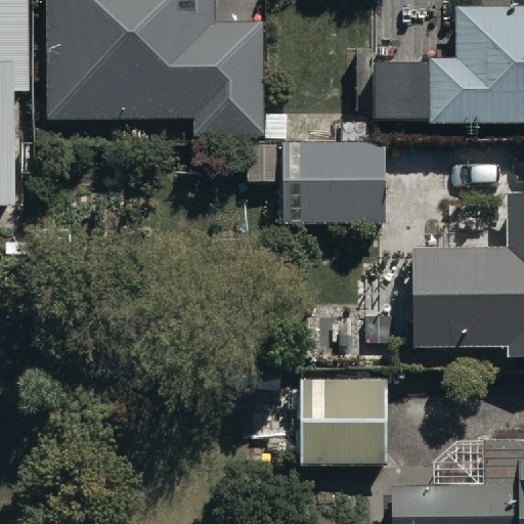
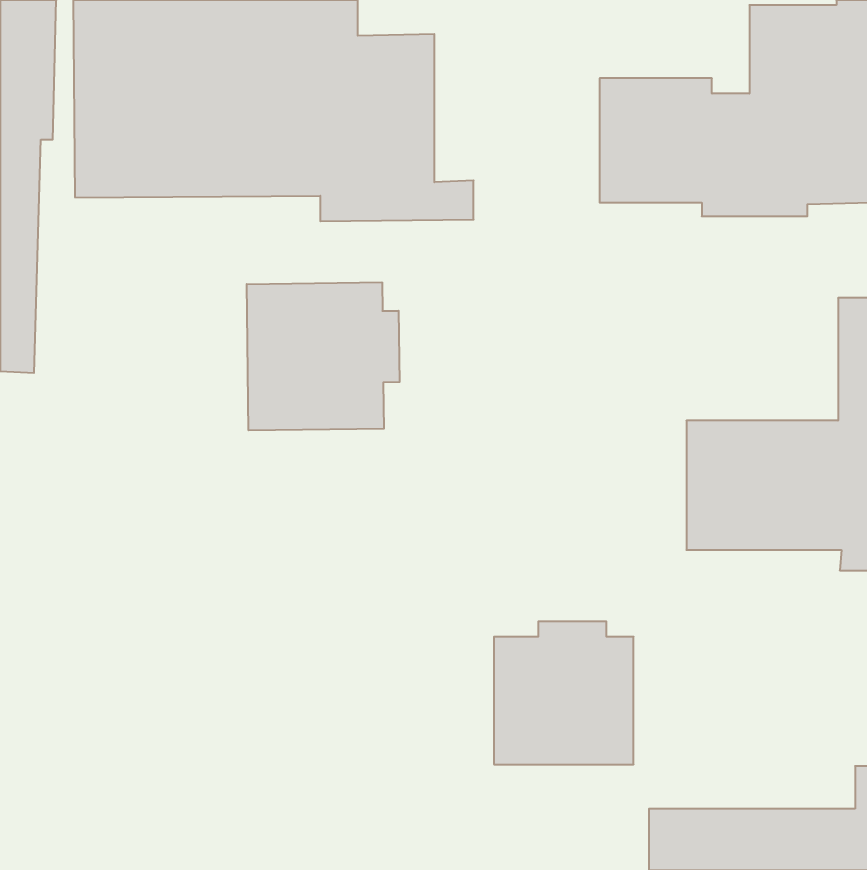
building: [282,141,387,224] -> none
building: none -> [247,282,400,430]

